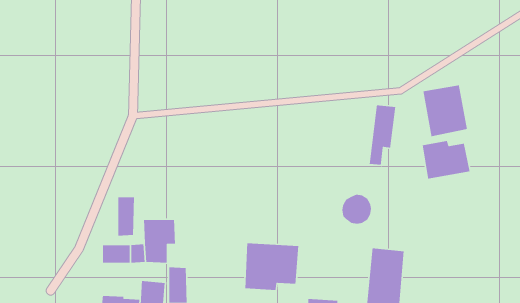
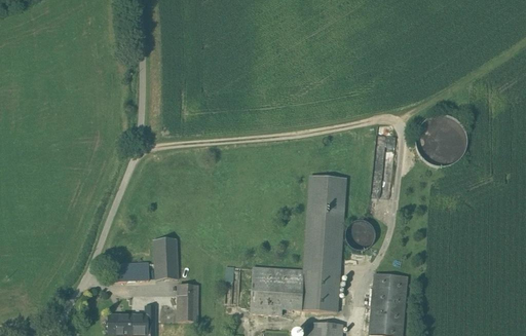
building: [422,140,471,180] -> none
building: none -> [301,174,346,310]
building: [117,196,135,237] -> none

